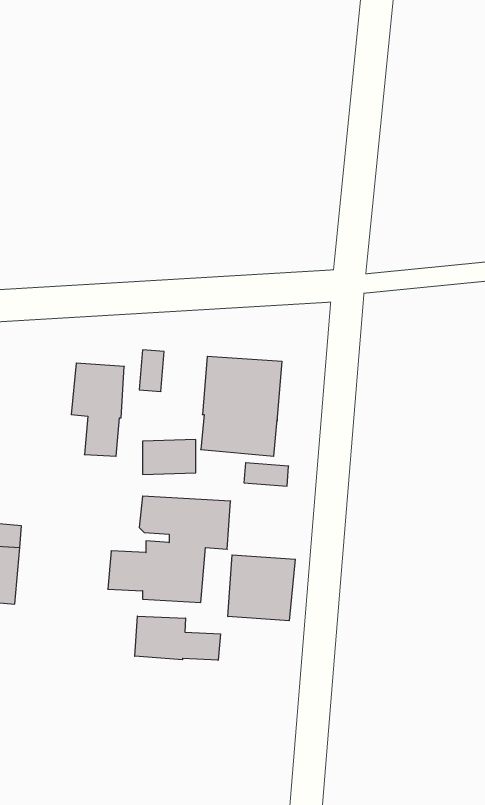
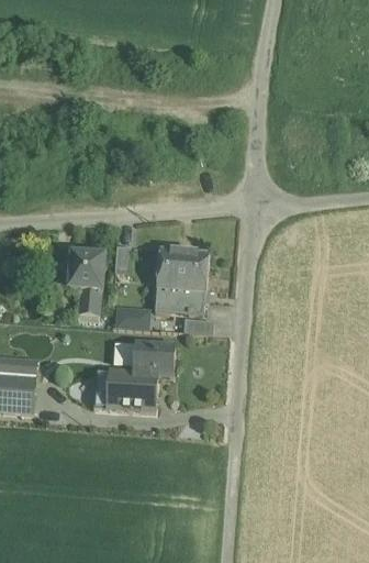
building: [228,555,295,621] -> none
building: [135,616,220,660] -> none

